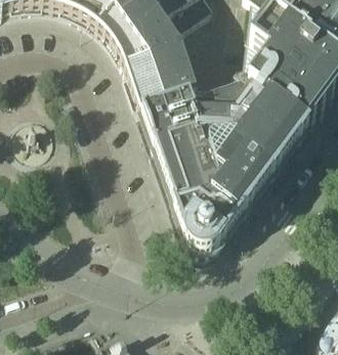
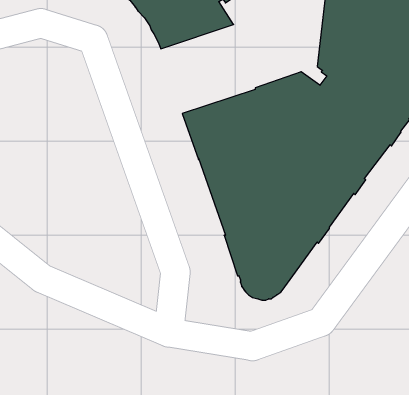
building: [126,48,198,116] -> none

